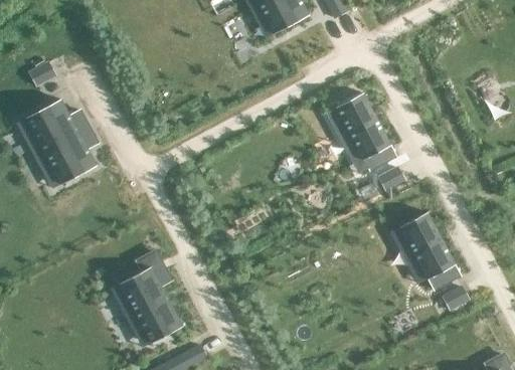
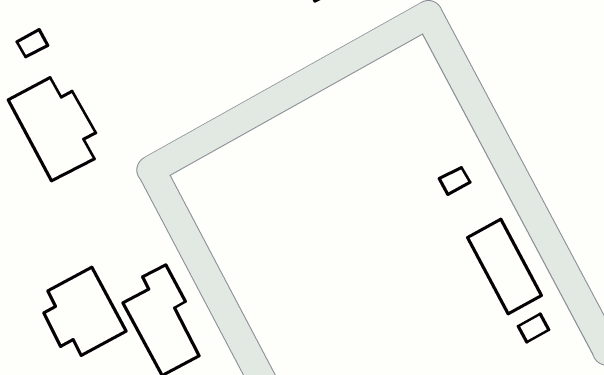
building: [333,95,393,171] -> none
building: none -> [44,267,126,356]

